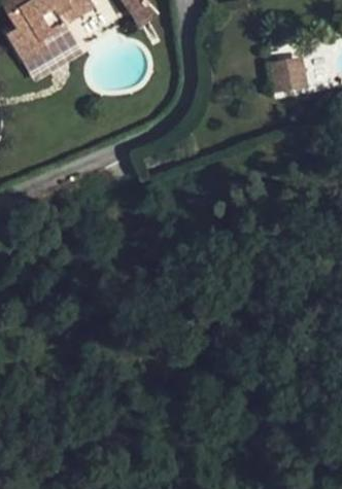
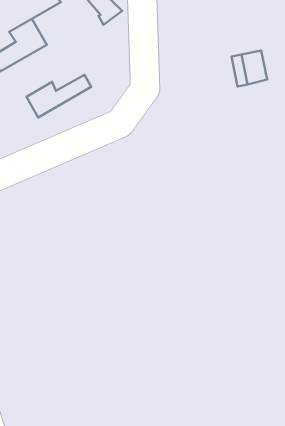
building: none -> [26,75,91,117]

